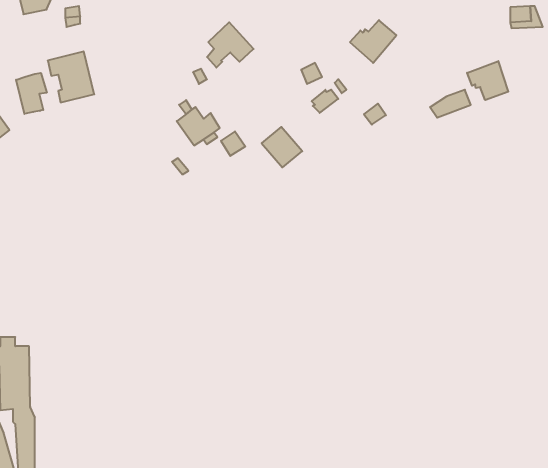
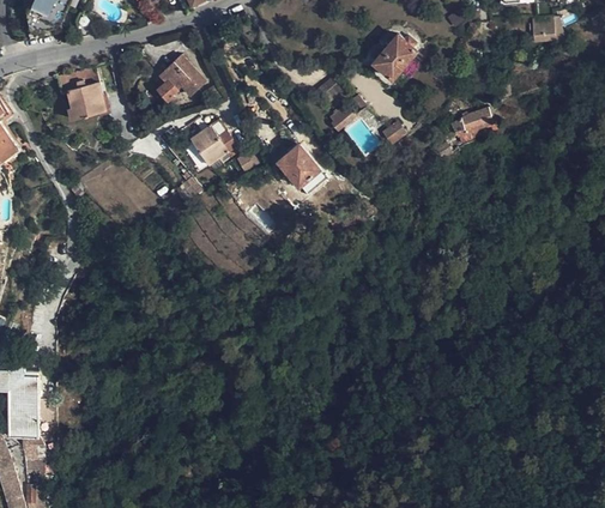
building: [207,22,254,68] -> [157,55,205,102]
building: [467,61,508,100] -> none
building: [16,73,47,114] -> none

